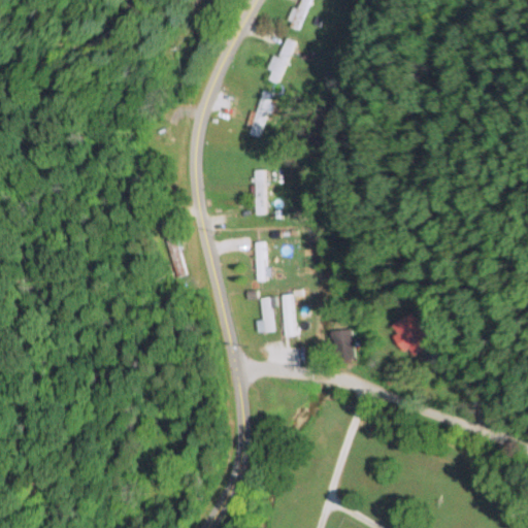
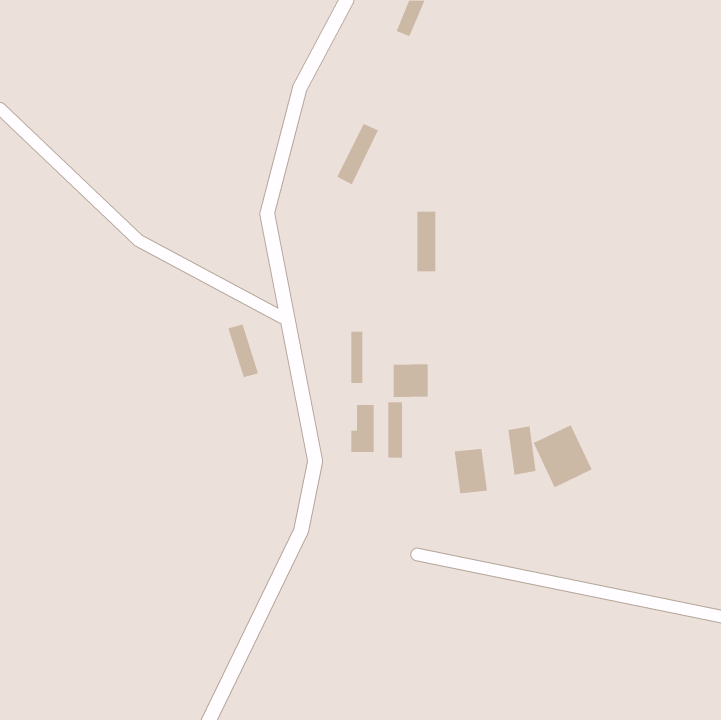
building: [267,37,299,84] -> none
building: [253,170,267,214] -> [416,211,436,272]
building: none -> [393,363,428,398]
building: none -> [508,426,536,476]

